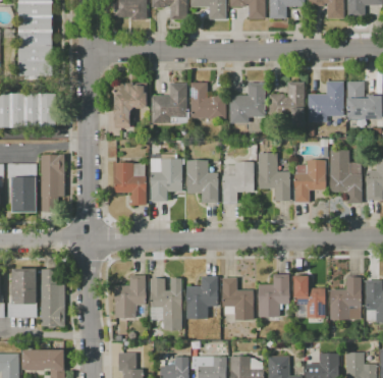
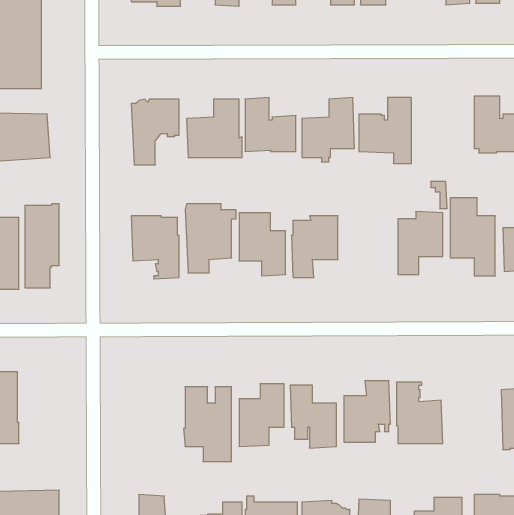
building: [308,80,343,121] -> none
building: [258,153,289,201] -> none
building: [37,269,64,326] -> none
building: [114,275,146,317] -> none
building: [330,276,361,319] -> none

